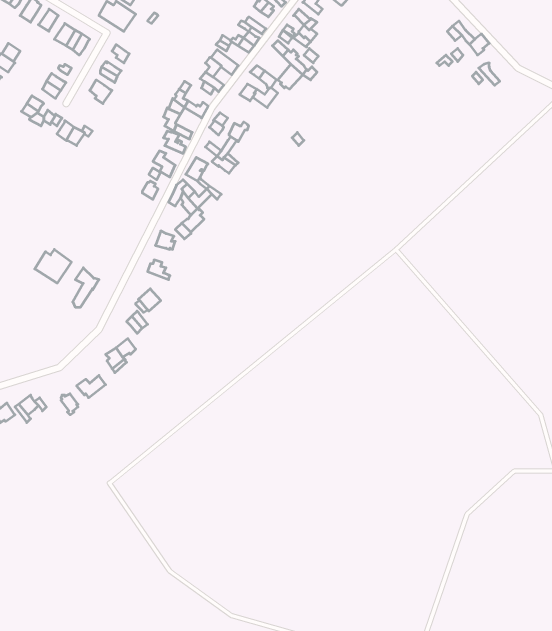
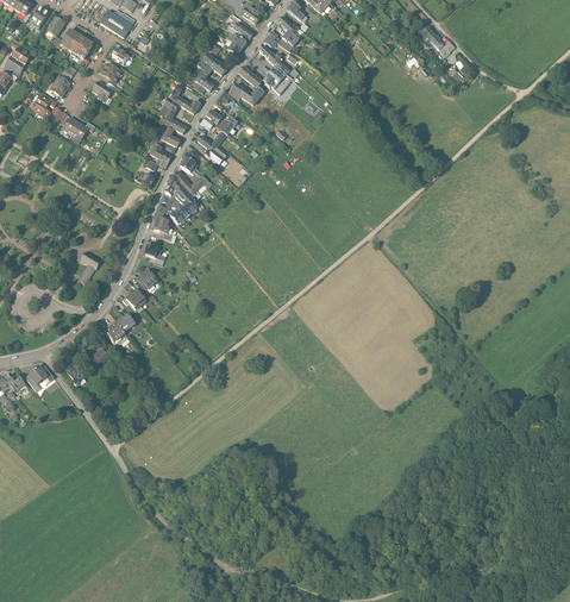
building: [35,249,71,283] -> none

